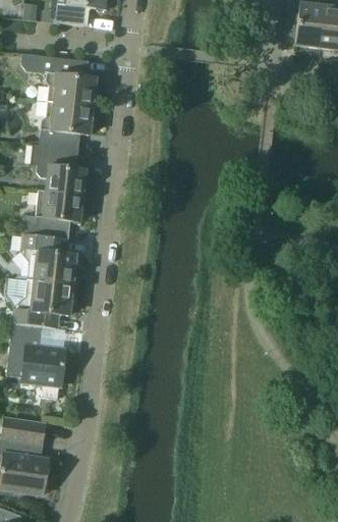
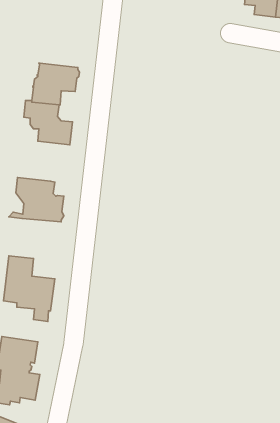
building: [20,54,96,107] -> none
building: [22,191,82,238] -> none
building: [12,280,74,328] -> none

